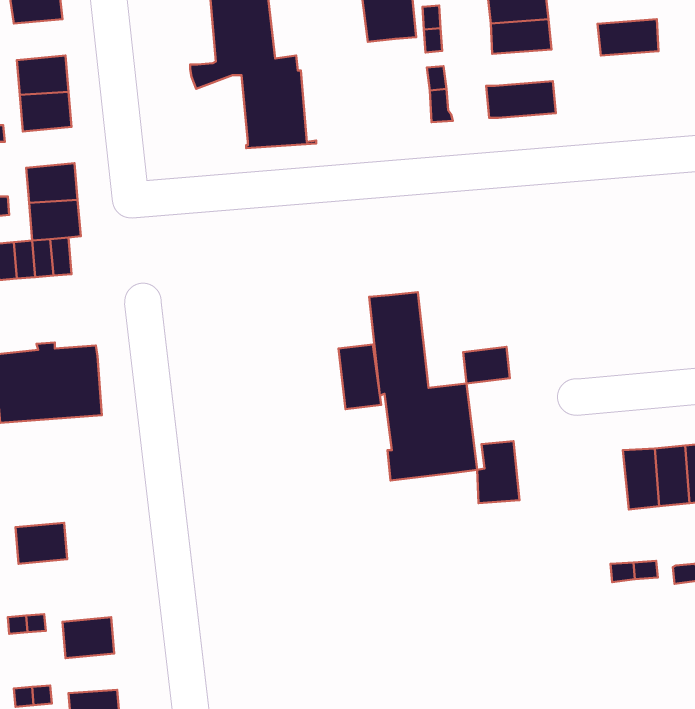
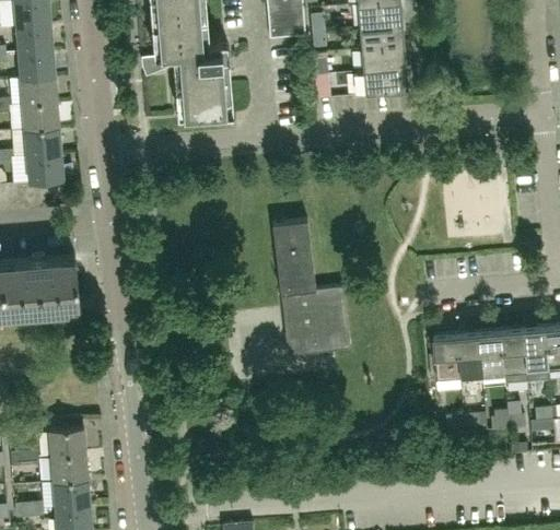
building: none -> [15,23,52,52]
building: [598,19,658,56] -> [360,45,404,71]
building: none -> [22,101,59,130]
building: [339,344,381,409] -> none
building: [463,347,510,383] -> none
building: [477,441,520,503] -> [428,333,458,378]
building: [16,523,67,564] -> [48,427,85,457]
building: none -> [52,480,90,508]

